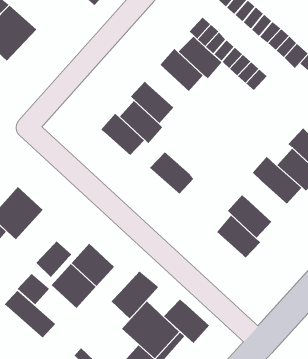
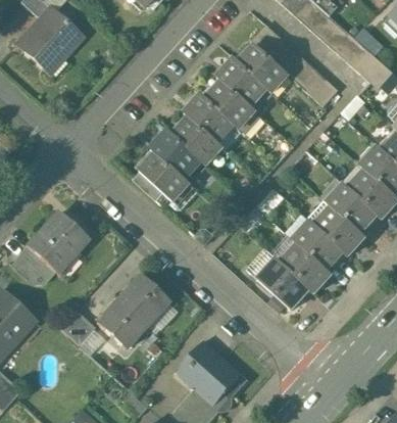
building: none -> [205,80,255,128]
building: [149,151,194,194] -> [139,152,189,200]
building: none -> [314,206,364,255]
building: [36,240,72,278] -> none
building: [111,270,159,319] -> none
building: [4,290,56,339] -> none
building: [163,299,210,344] -> [257,258,309,309]

